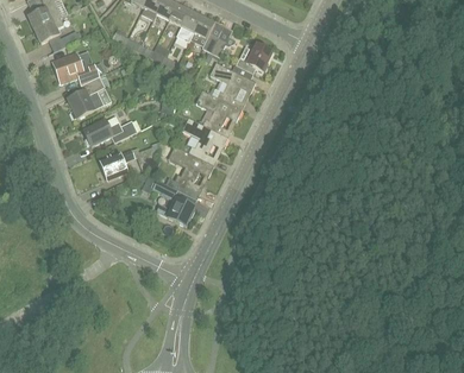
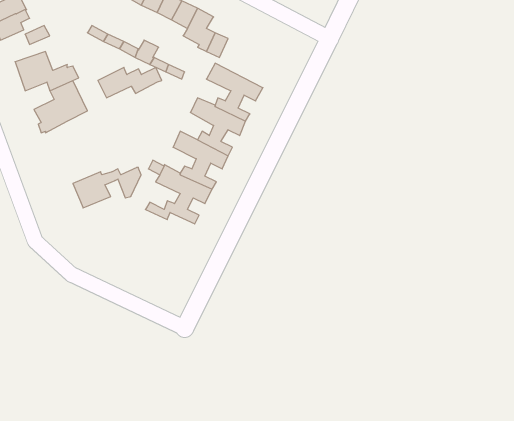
building: [234,40,272,71] -> none
building: [83,119,136,144] -> [98,67,162,98]
building: [151,178,194,225] -> none

